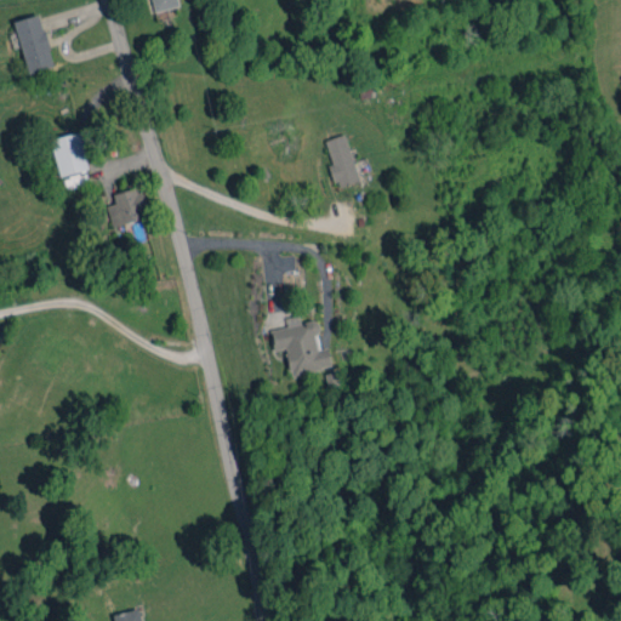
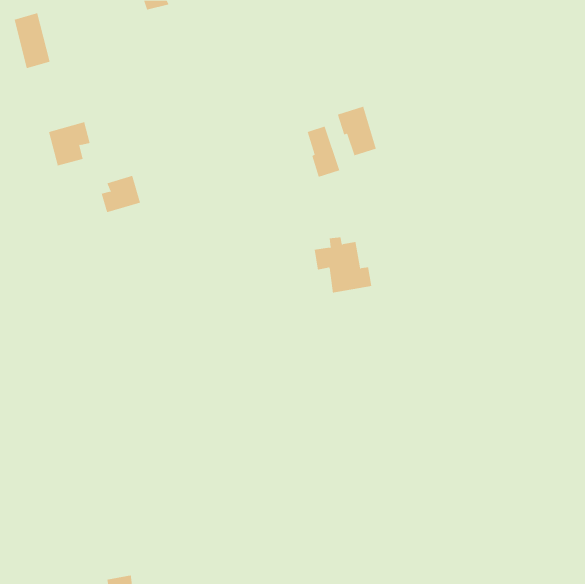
building: none -> [337,106,376,156]
building: [270,317,332,376] -> [314,237,372,293]

